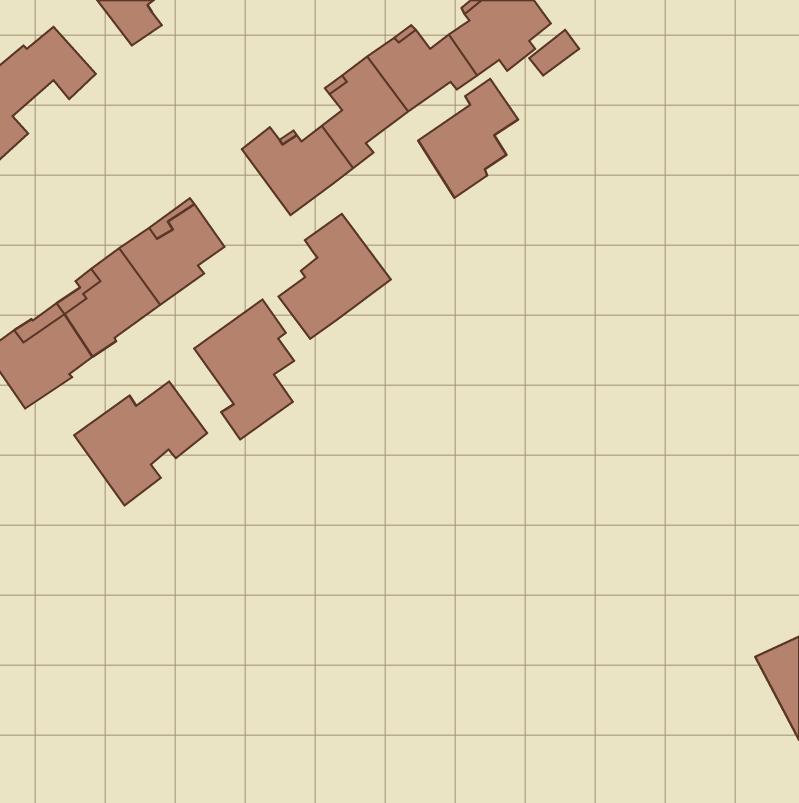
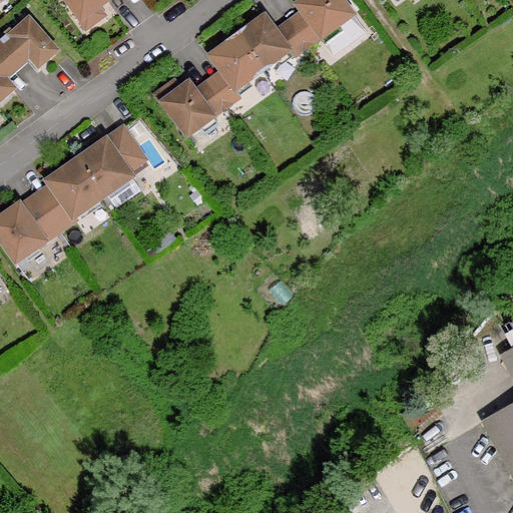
building: [418,79,518,198] -> none
building: [279,214,391,339] -> none
building: [194,300,294,439] -> none
building: [74,382,207,505] -> none

